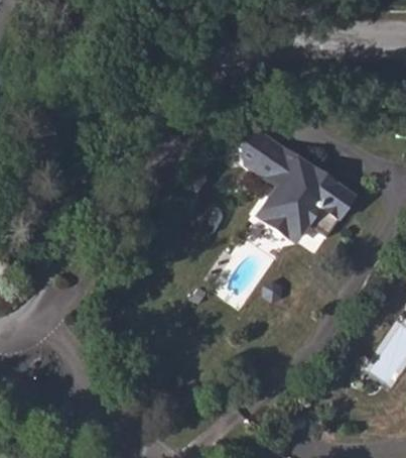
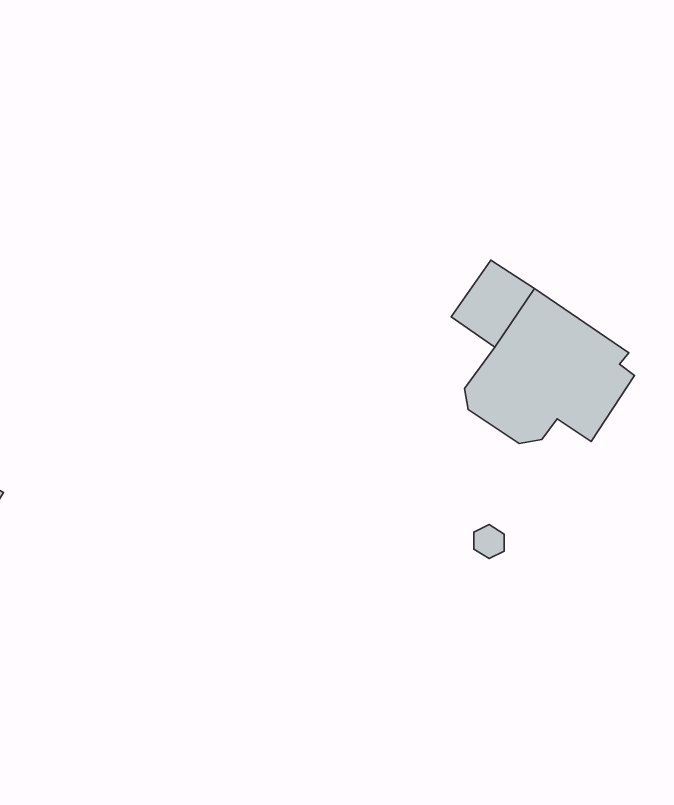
building: [241,126,275,170] -> none

